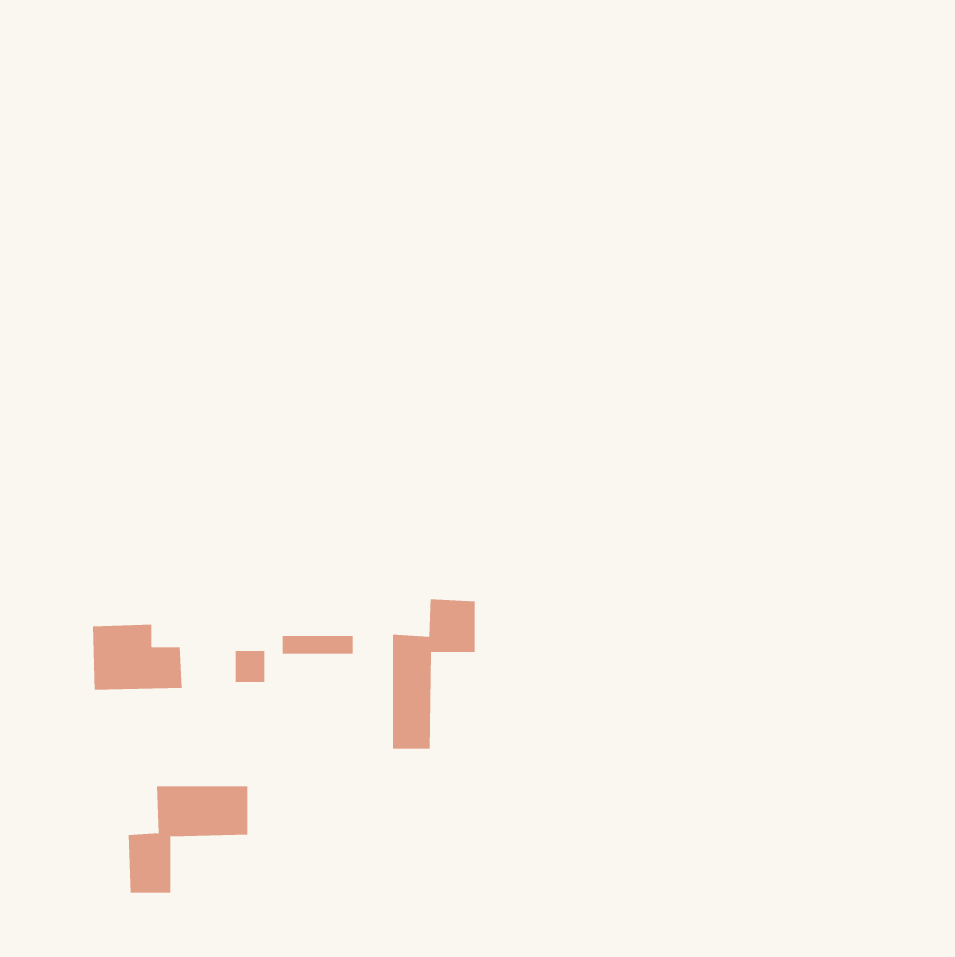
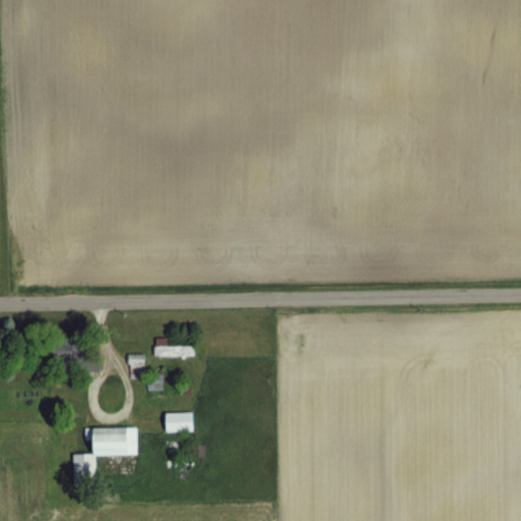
building: [392,598,475,749] -> none
building: none -> [165,413,192,432]

